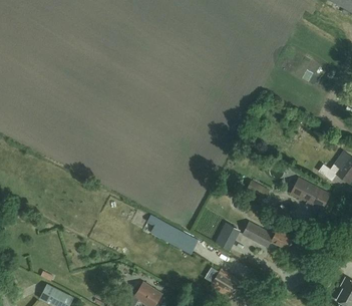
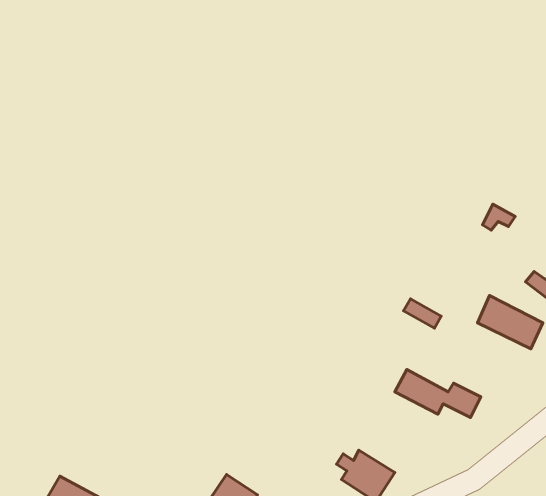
building: [150,218,197,253] -> none
building: [215,222,239,250] -> none

